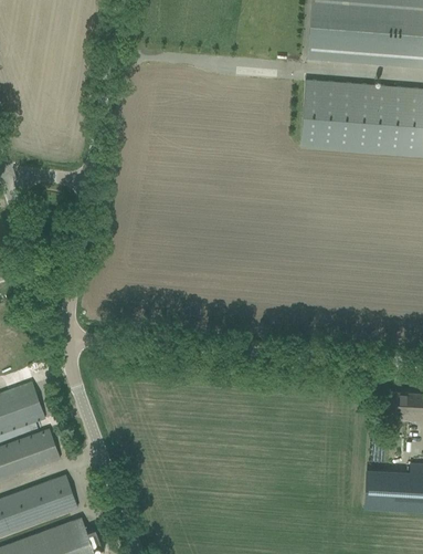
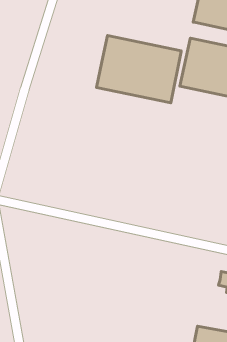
building: none -> [97,36,181,103]

